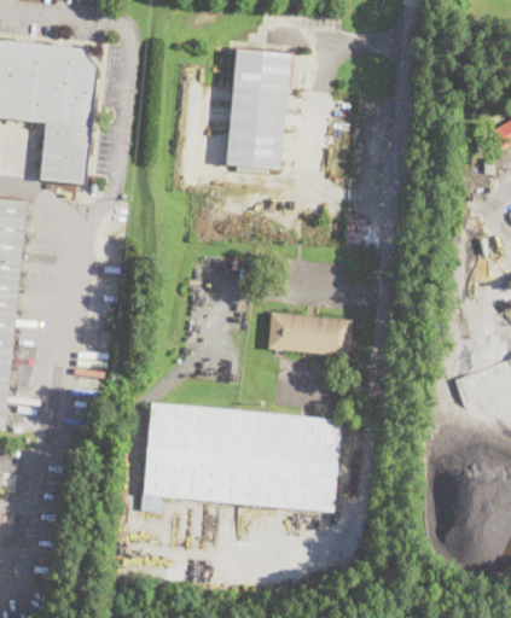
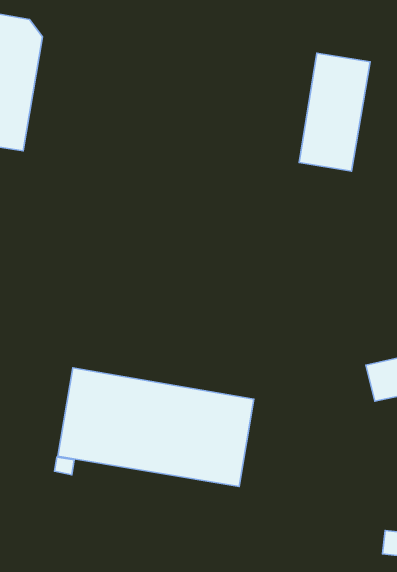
building: [225,48,290,167] -> [299,53,370,171]
building: [267,313,352,356] -> none

